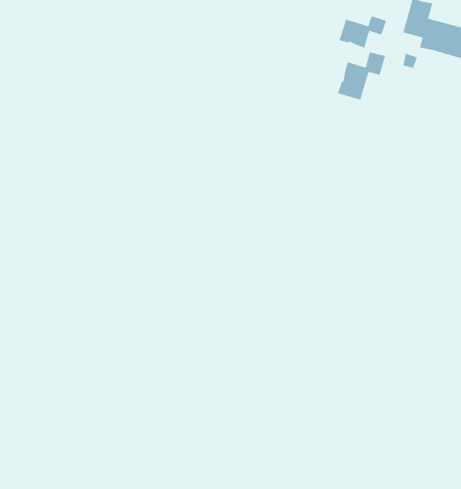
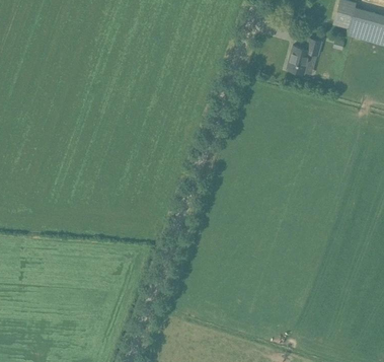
building: [339,15,387,48] -> none

